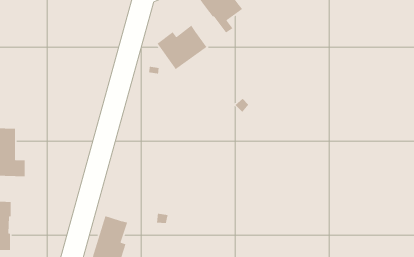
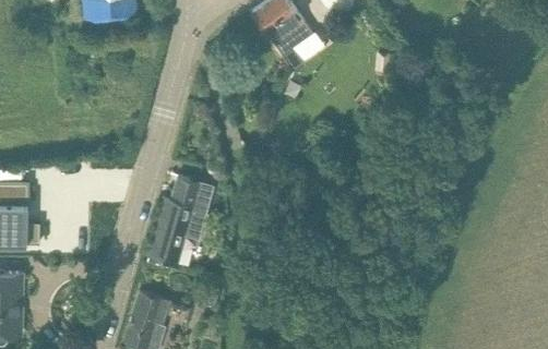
building: [156,25,207,70] -> none
building: none -> [147,177,211,265]

